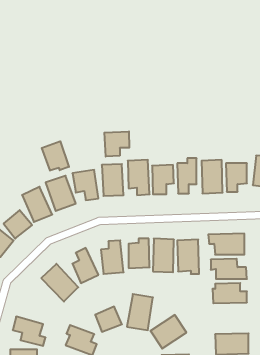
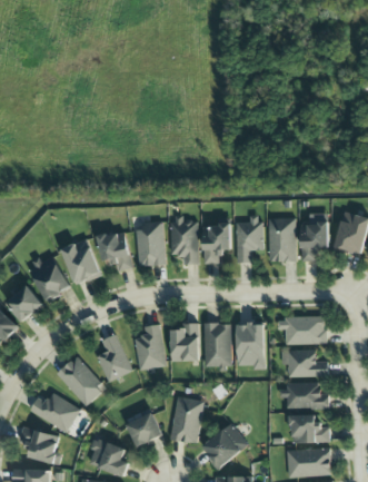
building: [104,131,129,157] -> none
building: [42,141,69,171] -> none
building: none -> [30,394,80,431]
building: none -> [292,414,330,443]

